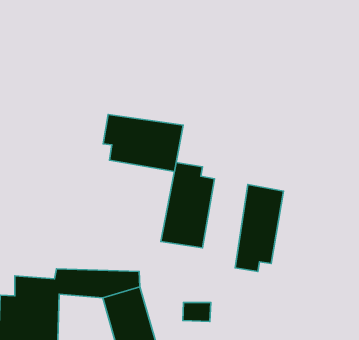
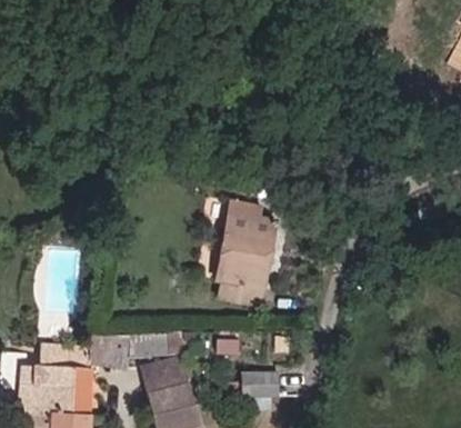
building: [103,115,183,171] -> none
building: [235,184,284,272] -> none

